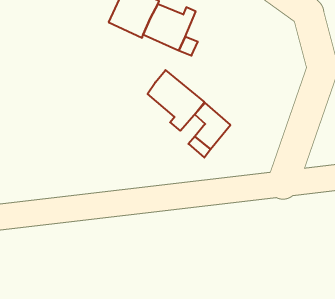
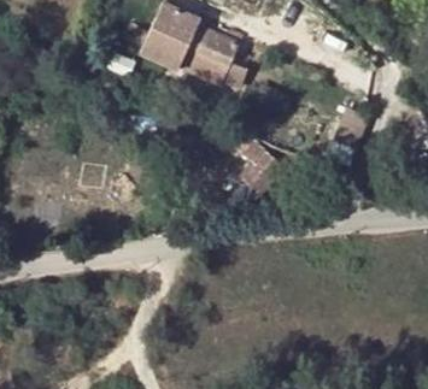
building: [148,70,204,131] -> none

